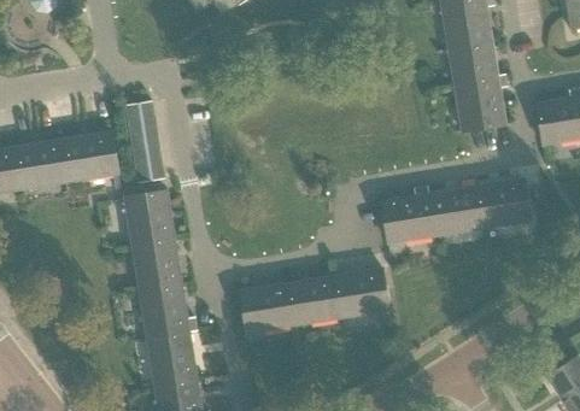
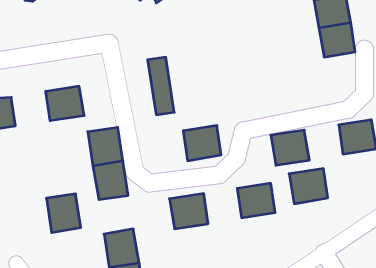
building: [456,84,506,133] -> none
building: [127,101,164,182] -> [148,57,174,115]
building: [17,140,71,188] -> none
building: [428,187,482,236] -> [289,169,328,204]
building: [287,276,340,325] -> [183,126,221,161]
building: [140,286,188,340] -> [46,194,81,233]

